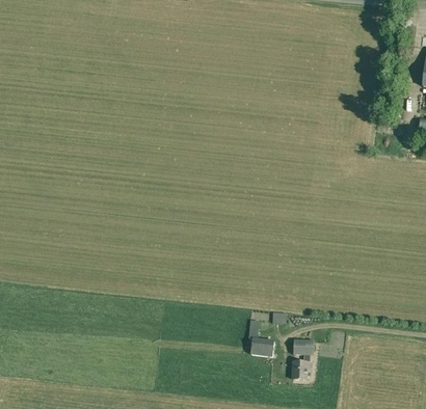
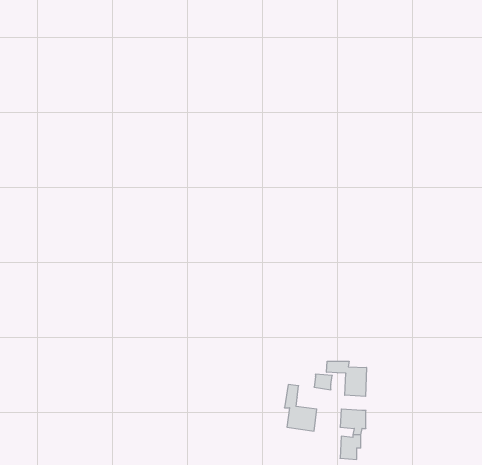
building: none -> [327,361,366,396]

